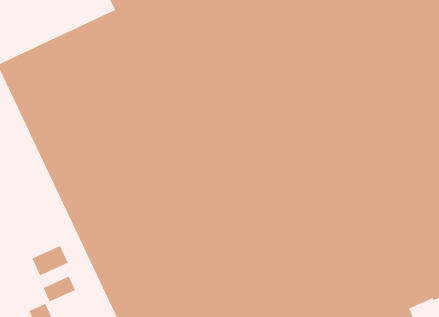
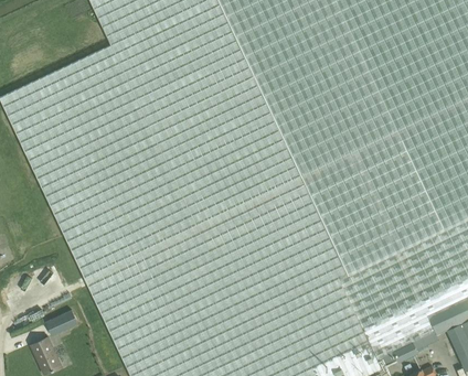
building: [32,245,68,276] -> none

